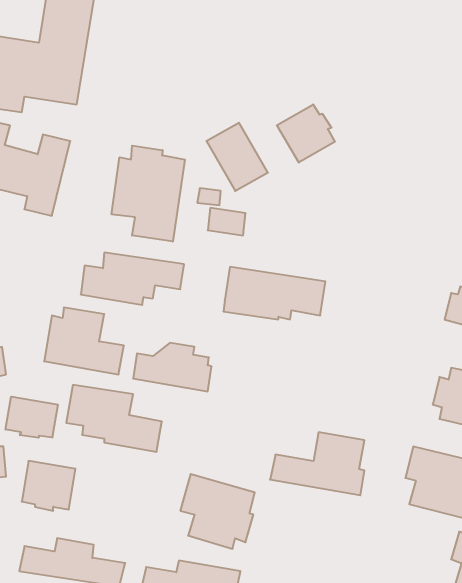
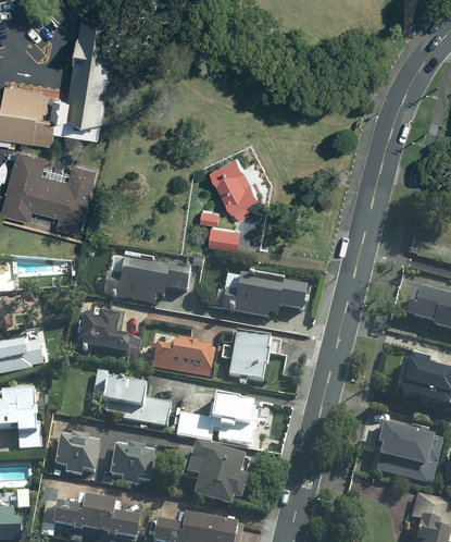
building: [277,104,335,163] -> none
building: [112,146,185,242] -> none
building: none -> [228,329,271,380]
building: [6,397,58,438] -> none
building: [270,432,364,495] -> [177,392,255,444]
building: none -> [110,442,155,483]

